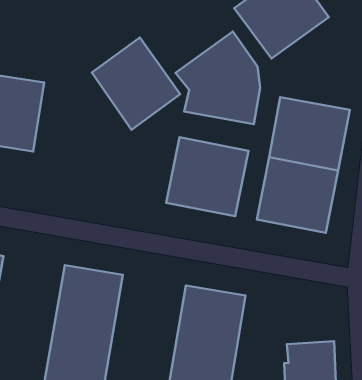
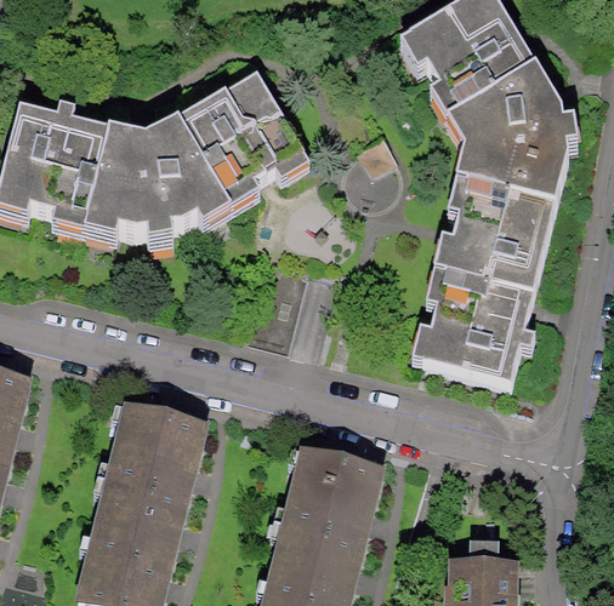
building: [175,32,260,124] -> [451,63,575,202]
building: none -> [87,118,235,240]
building: [166,137,248,216] -> none

